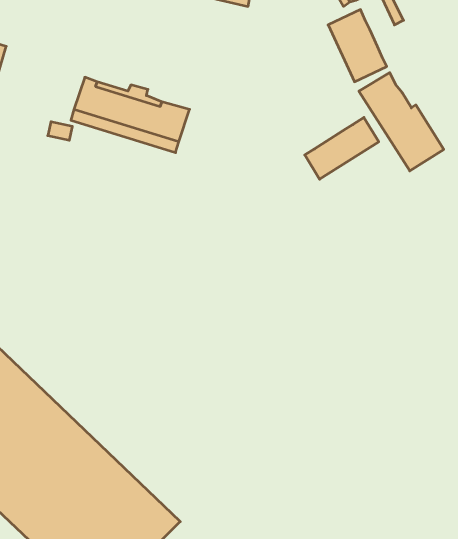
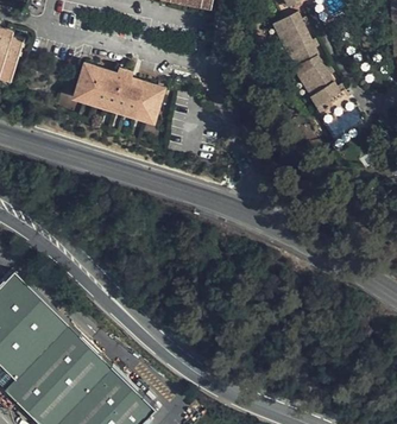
building: [305,117,379,179] -> none

